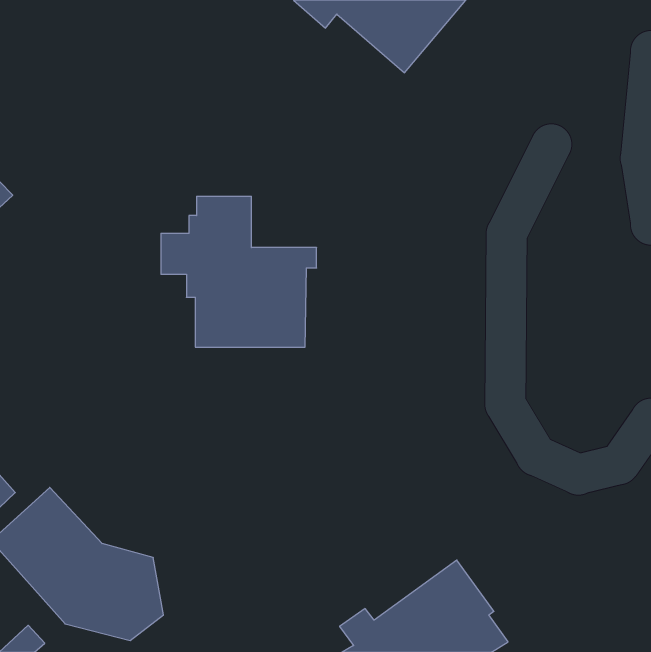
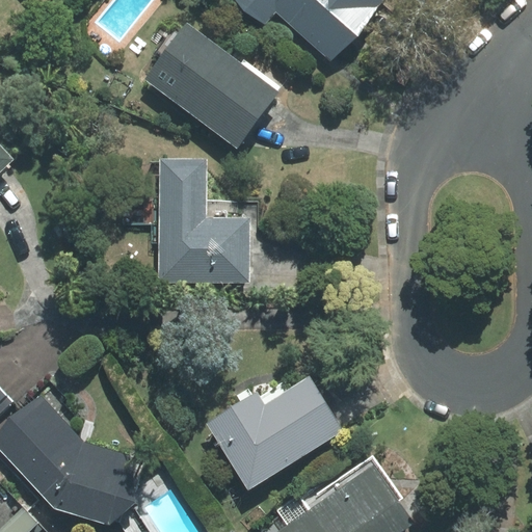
building: none -> [144,25,277,148]
building: none -> [207,379,340,489]

